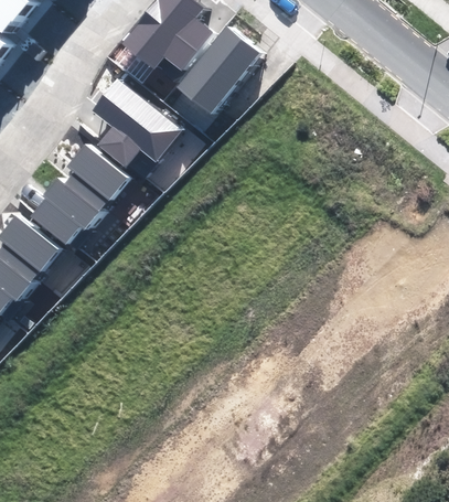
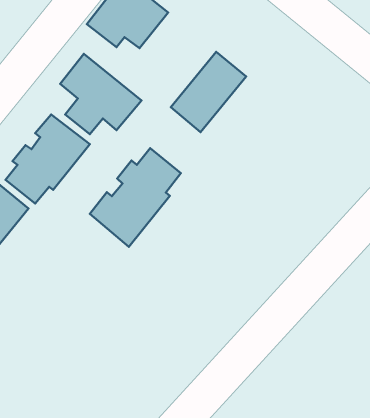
building: [178,26,261,116] -> [171,52,246,132]
building: none -> [90,148,181,247]

